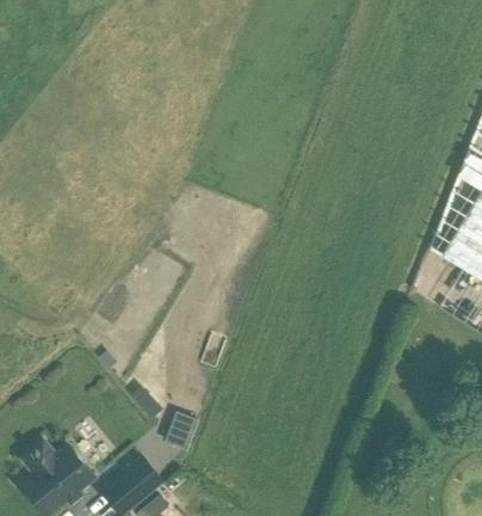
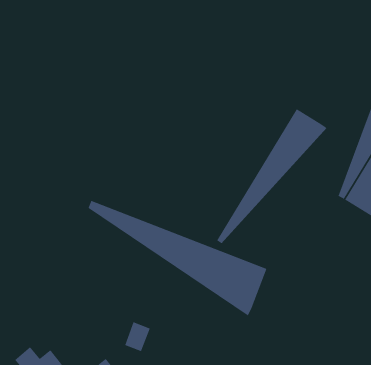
building: none -> [216,108,327,244]
building: none -> [87,200,268,317]

